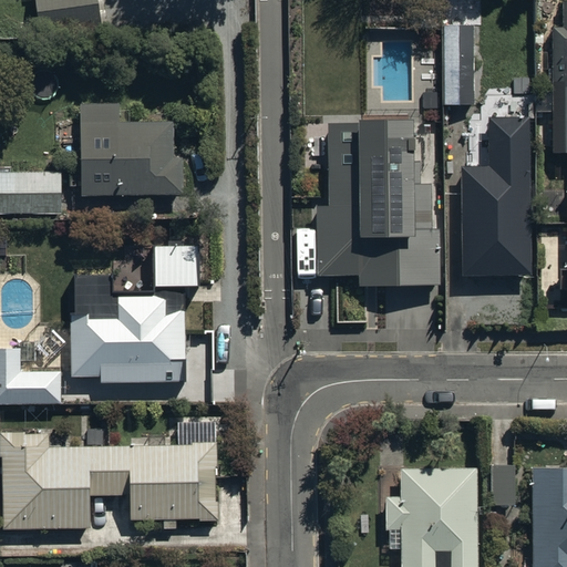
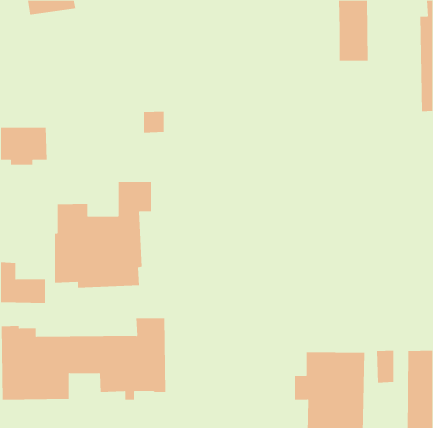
building: [81,103,184,196] -> none
building: [317,112,439,285] -> none
building: [461,116,529,276] -> none

